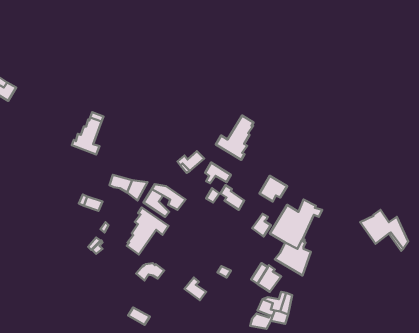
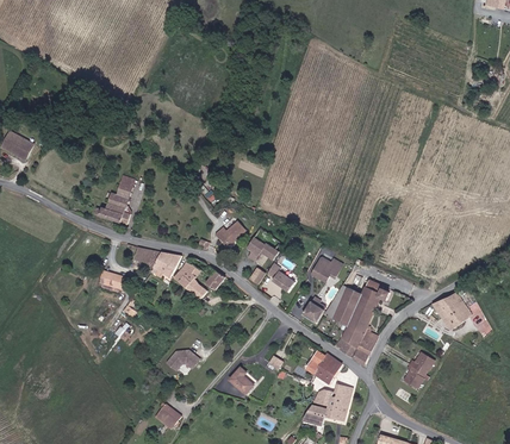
building: [216,115,254,160] -> none
building: [127,207,169,254] -> none
building: none -> [400,351,431,388]

